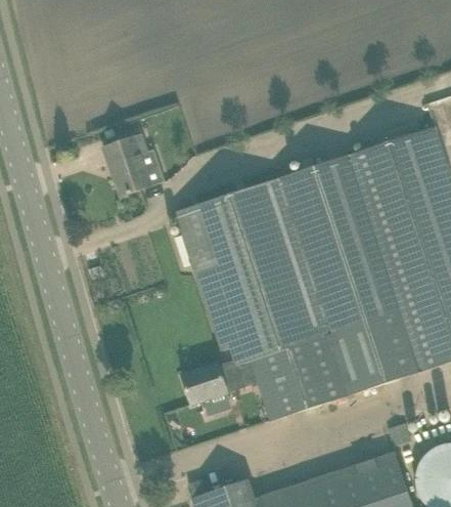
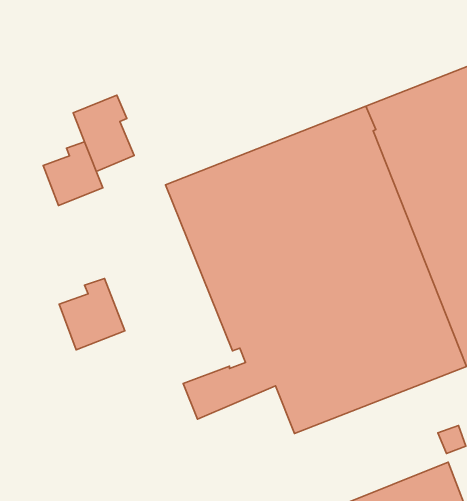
building: none -> [43,142,103,206]
building: none -> [59,278,125,350]

